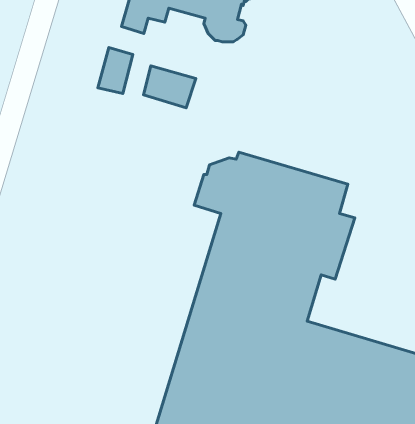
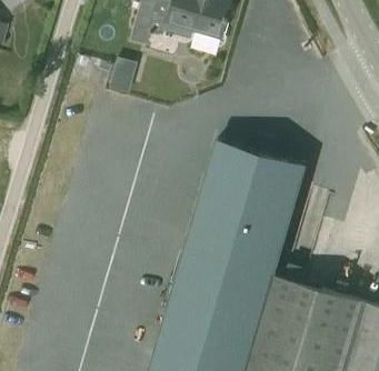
building: [143,66,196,108] -> none

